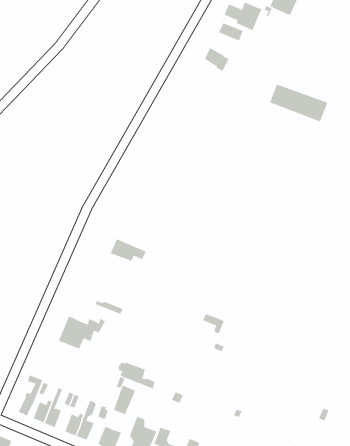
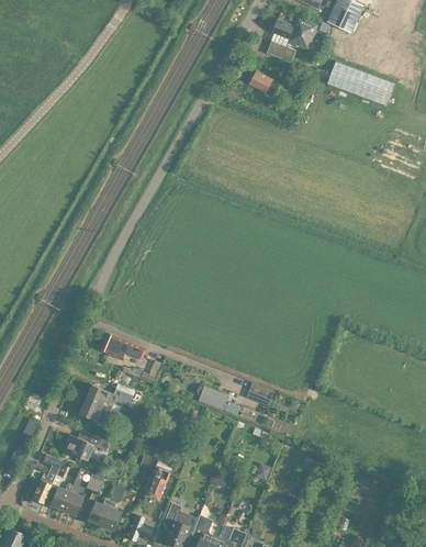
building: [269,84,328,122] -> [327,62,396,107]
building: [110,238,146,262] -> [102,334,145,361]
building: none -> [63,429,110,460]
building: [118,362,155,389] -> [195,384,239,416]

